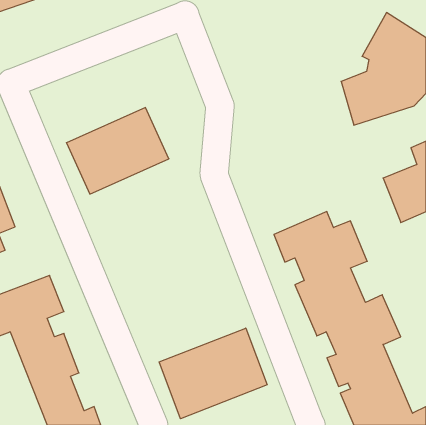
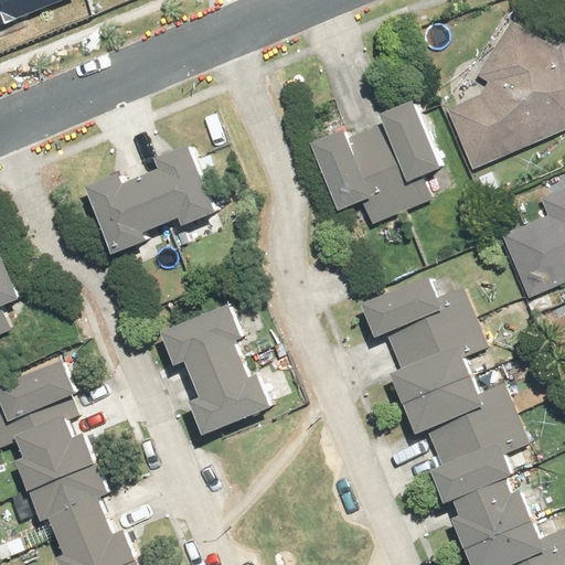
building: none -> [313,106,440,225]
building: none -> [161,295,291,436]
building: [159,328,267,419] -> none

